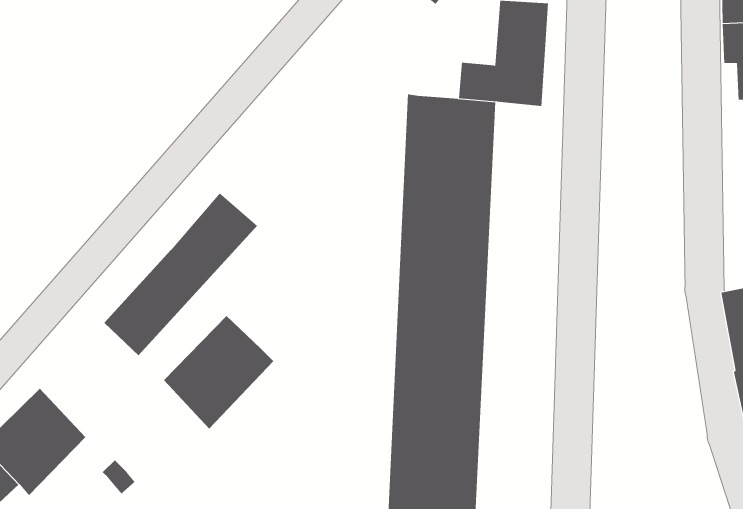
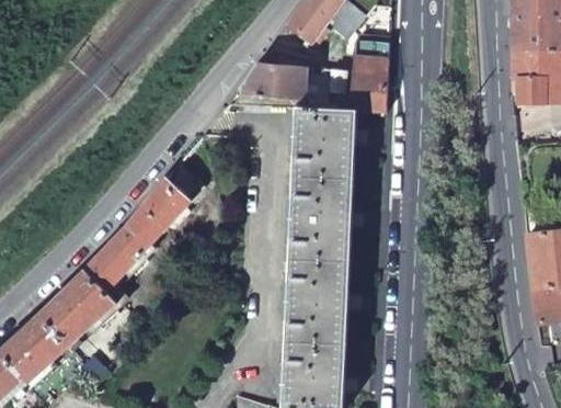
building: none -> [242,64,332,110]
building: [163,315,274,429] -> [42,264,118,343]

